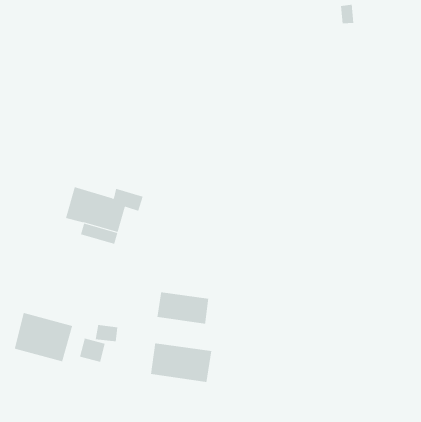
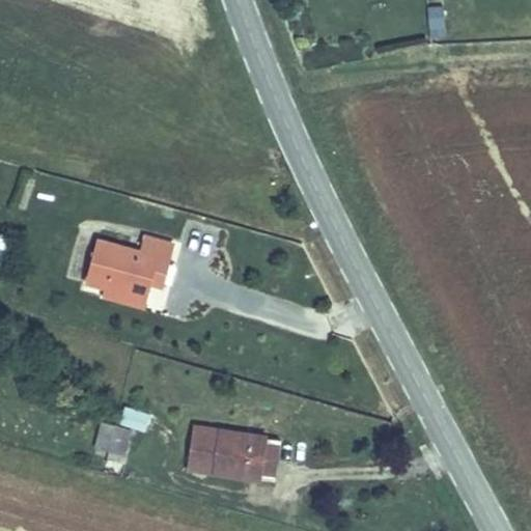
building: [157,292,209,324] -> none
building: [14,312,73,362] -> none

